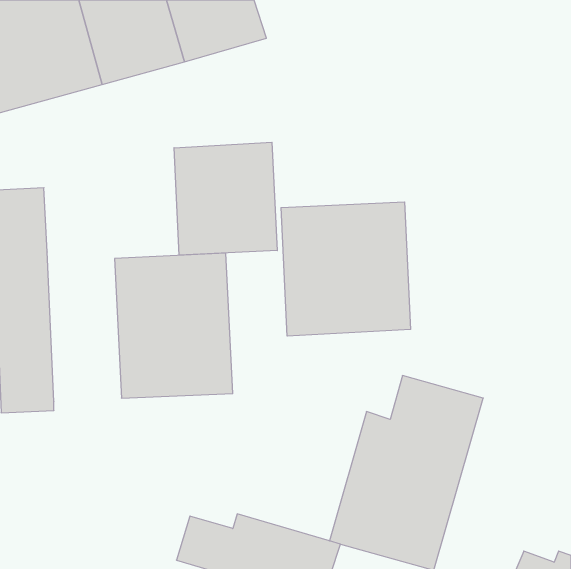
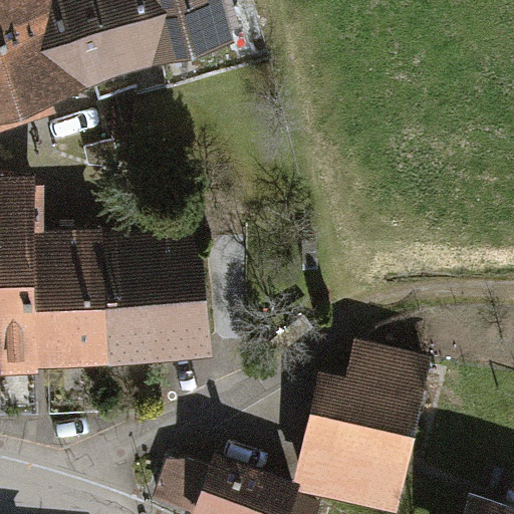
building: [174,142,277,255] -> none
building: [281,202,411,336] -> none
building: none -> [42,227,108,363]

